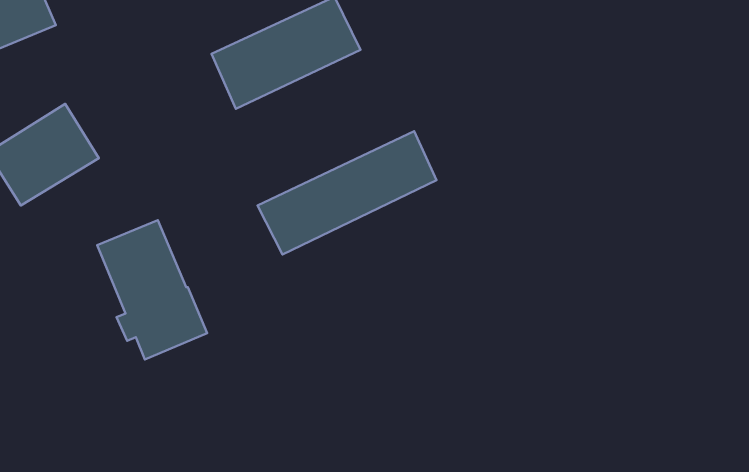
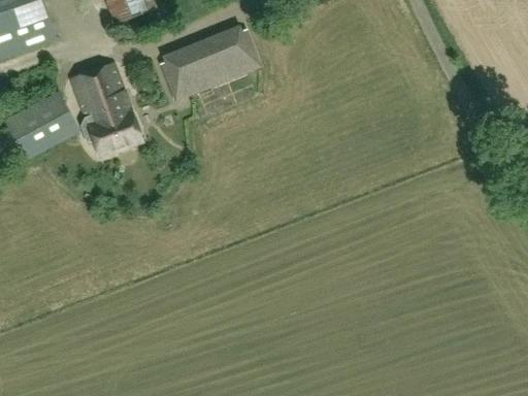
building: [257,131,437,254] -> none
building: [97,220,207,360] -> [71,62,142,156]

